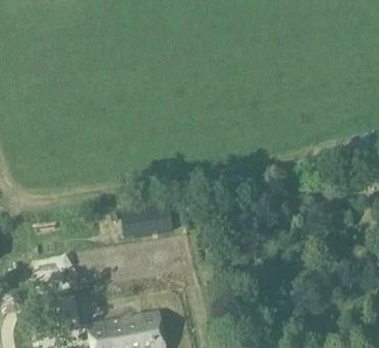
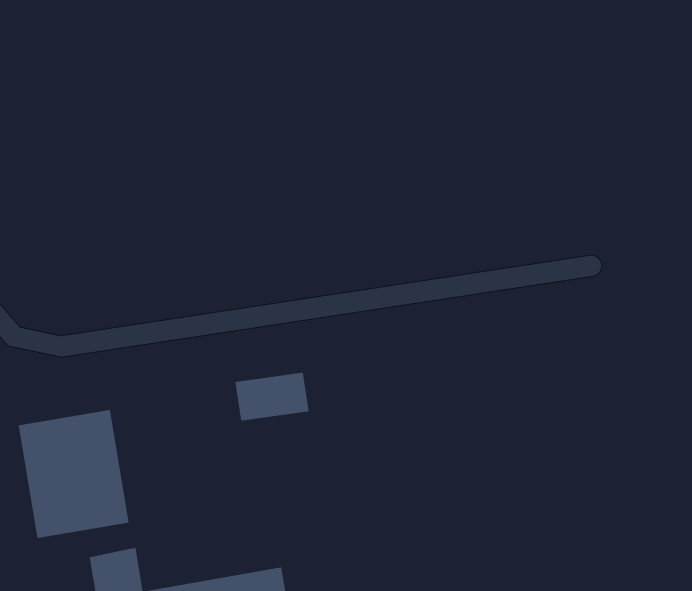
building: none -> [18,409,129,539]

